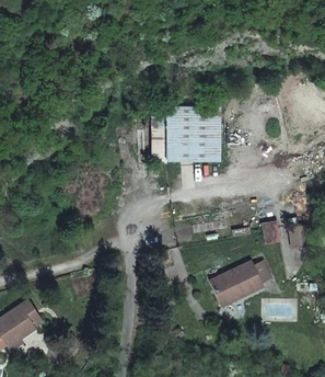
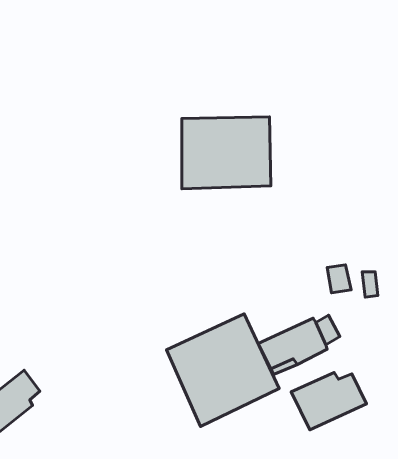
building: none -> [166,314,279,426]
building: none -> [291,373,367,430]

